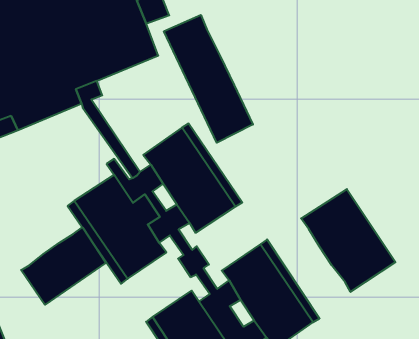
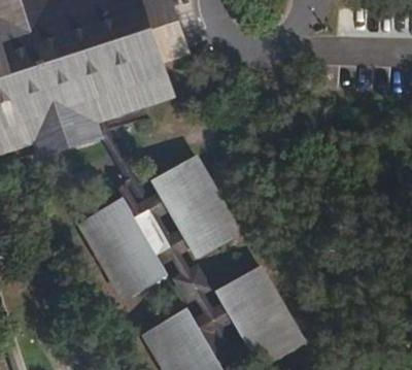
building: [164,15,253,143] -> none
building: [301,189,395,292] -> none
building: [21,227,106,305] -> none

